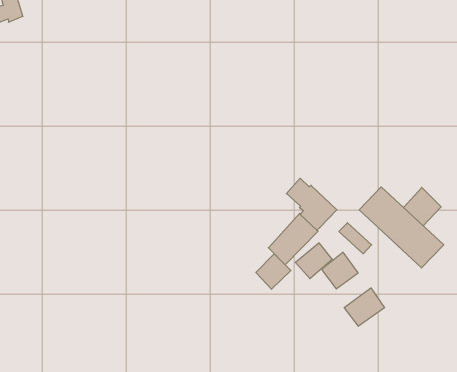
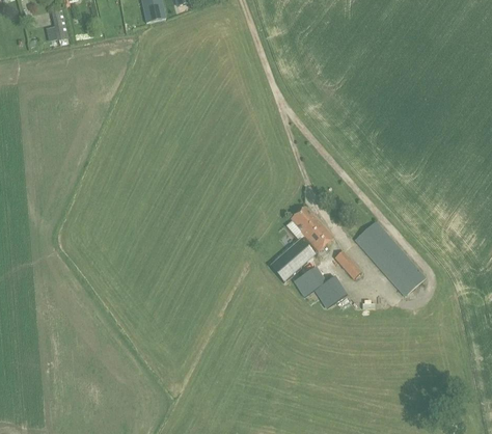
building: [404,187,441,226] -> none
building: [256,254,291,289] -> none
building: [344,288,385,326] -> none

